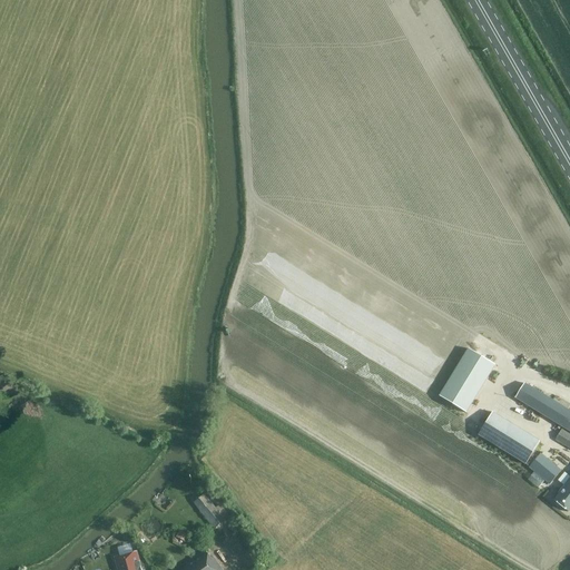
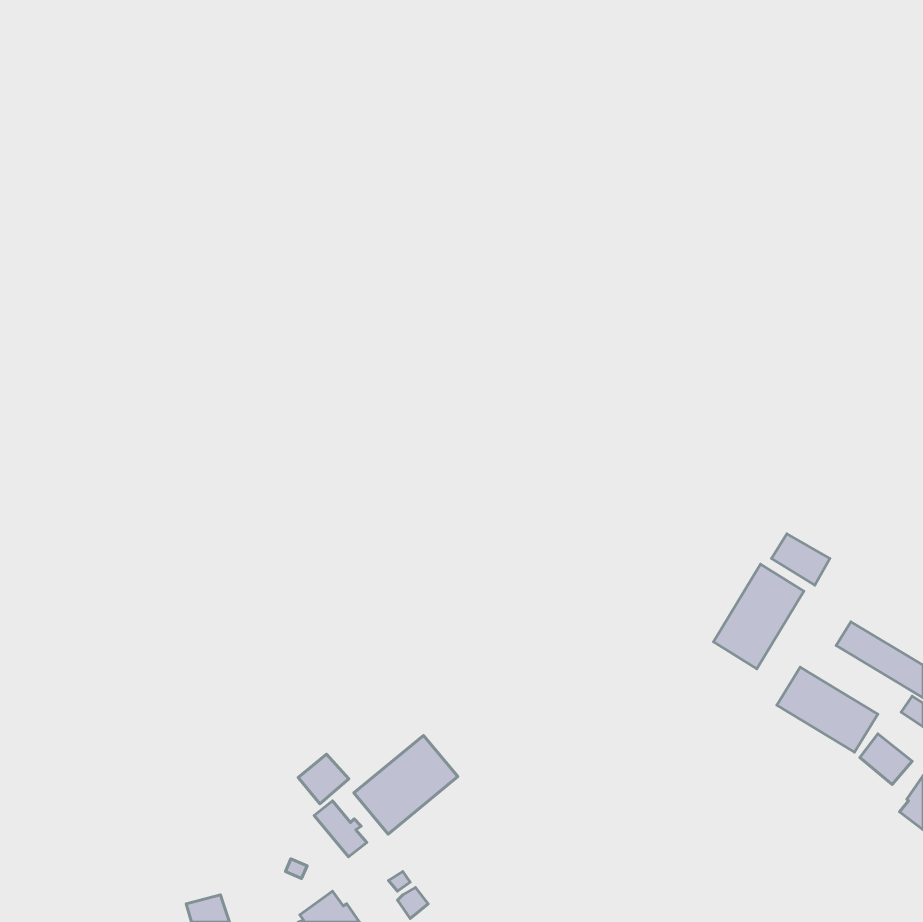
building: none -> [771,534,830,585]
building: none -> [354,735,458,834]
building: none -> [298,754,349,804]

